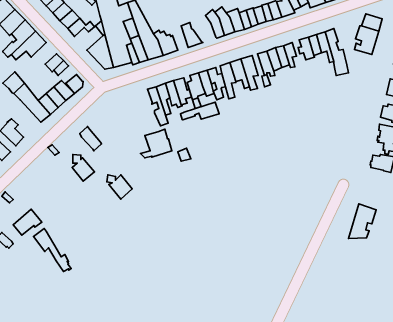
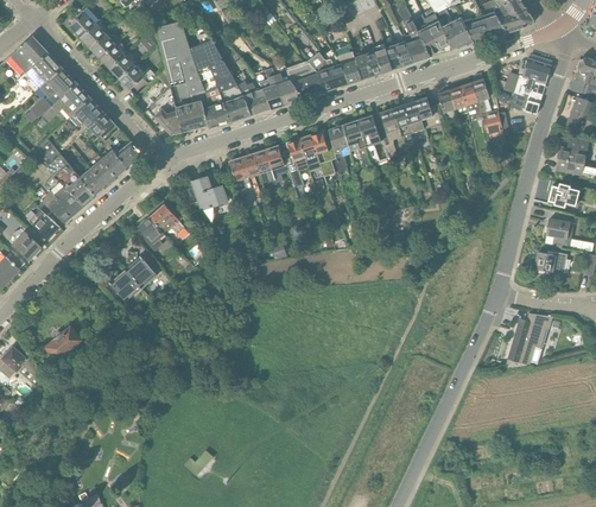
building: none -> [286,61,322,97]
building: none -> [258,68,284,108]
building: none -> [69,97,103,127]
building: none -> [39,176,82,222]
building: [181,102,219,120] -> none
building: none -> [148,204,184,234]
building: [141,129,172,158] -> [184,172,227,211]
building: [107,175,132,199] -> [106,268,140,302]
building: [34,229,71,272] -> none

